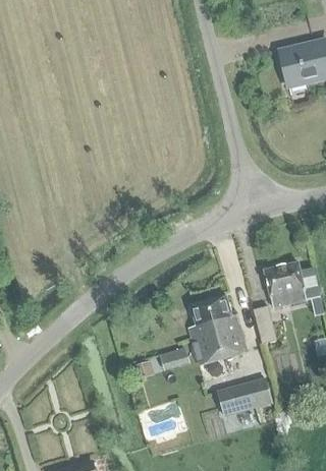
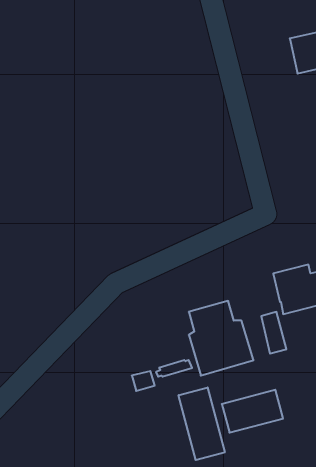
building: none -> [179,387,225,460]

